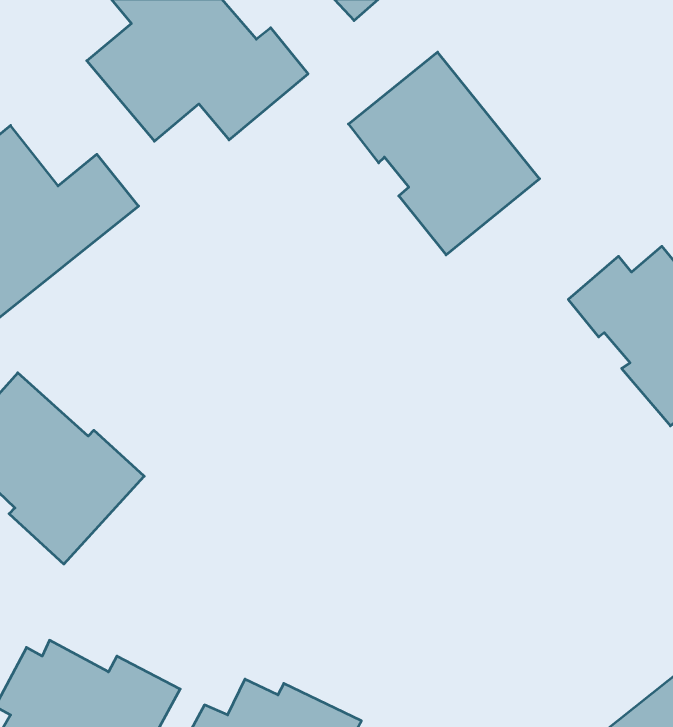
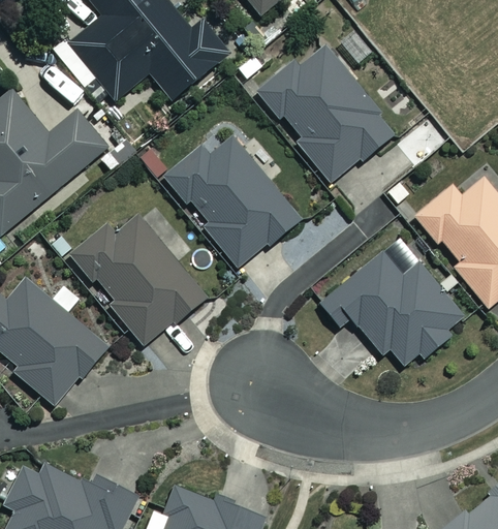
building: none -> [166,136,299,269]
building: none -> [69,212,204,346]
building: none -> [322,252,468,370]

